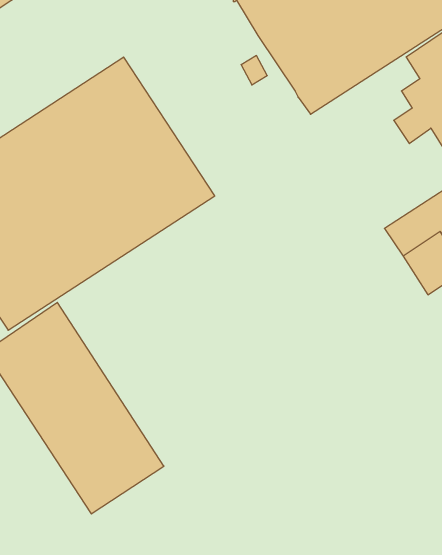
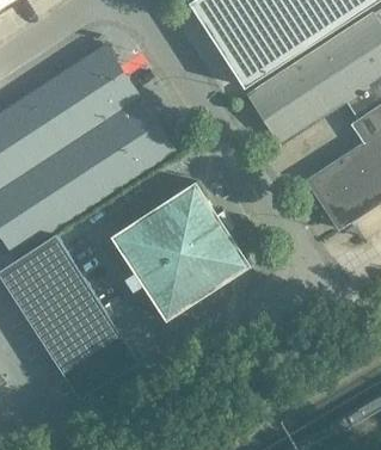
building: none -> [250,45,333,141]
building: none -> [113,181,248,316]

